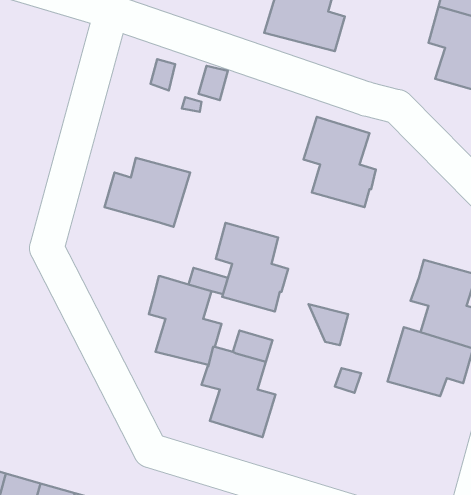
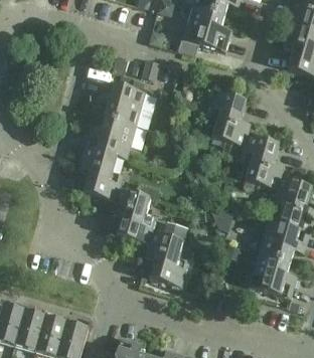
building: none -> [97,80,146,126]
building: none -> [240,136,284,190]
building: [216,223,288,312] -> [78,147,123,201]
building: none -> [249,253,298,299]

